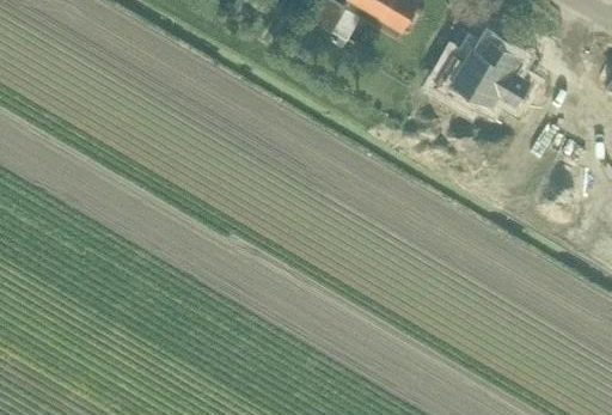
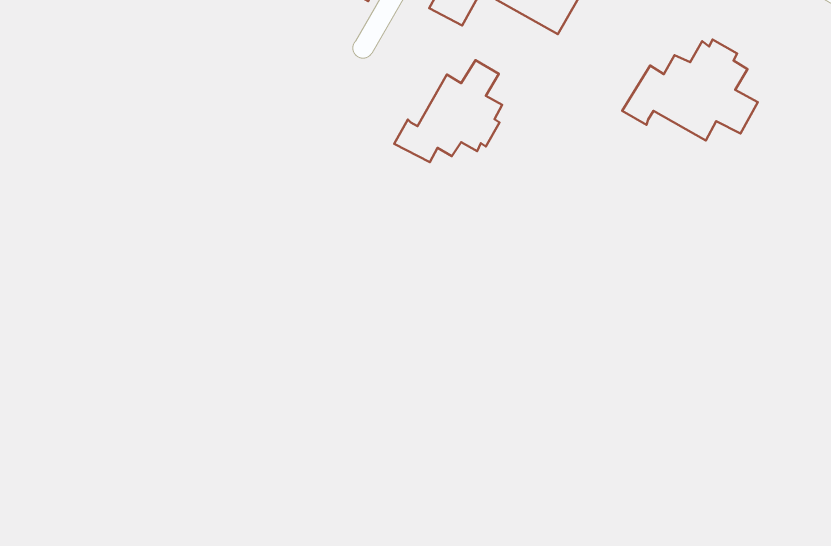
building: none -> [394,60,502,162]

